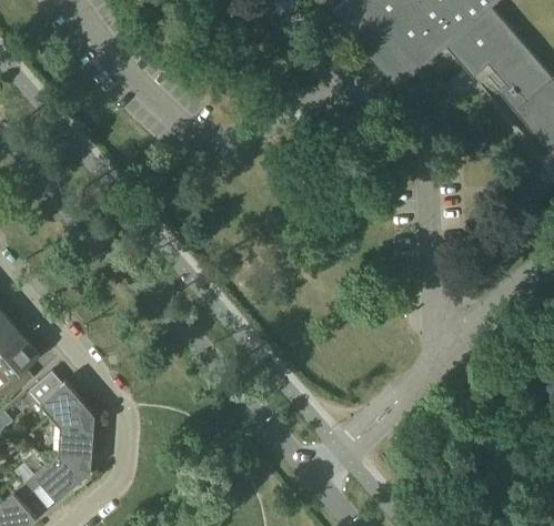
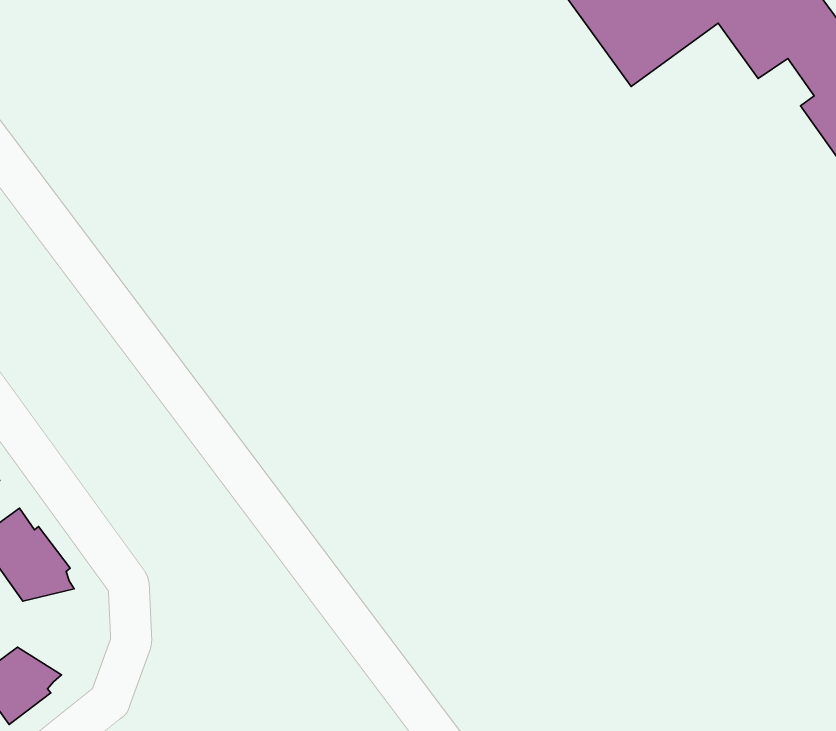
building: [58,415,93,467] -> none

